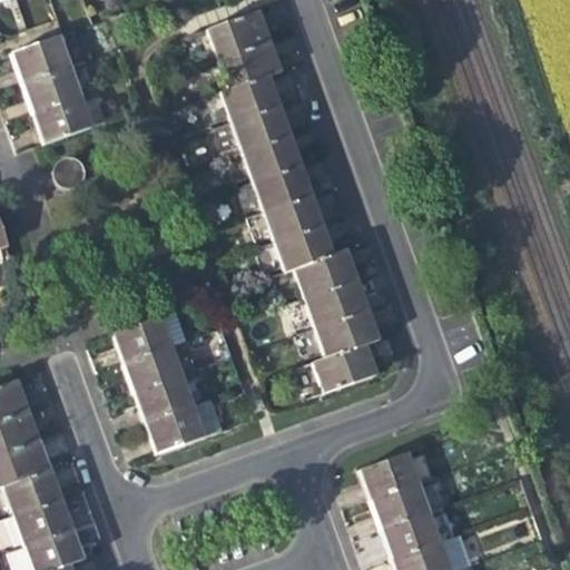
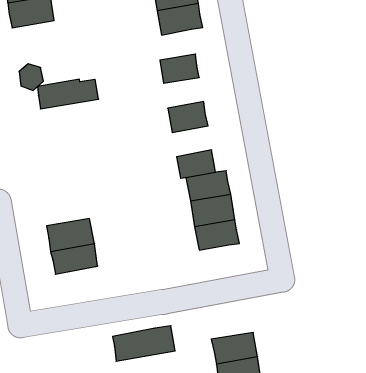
building: [222,77,277,124] -> none
building: [36,94,117,144] -> [37,79,99,109]
building: [243,137,298,184] -> none
building: [265,197,320,244] -> none
building: [114,307,193,362] -> none
building: [314,345,373,393] -> none
building: [147,395,230,453] -> [113,326,175,361]

